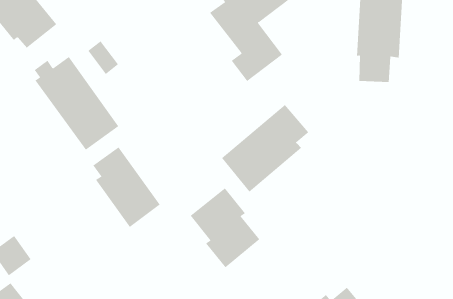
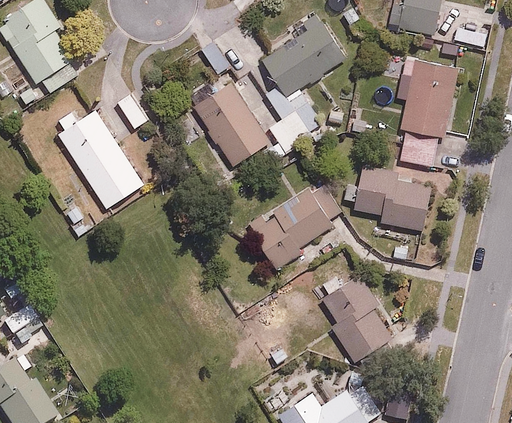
building: none -> [186,77,268,168]
building: none -> [344,166,430,230]
building: [93,147,160,228] -> none
building: [190,188,260,268] -> [319,277,392,363]

